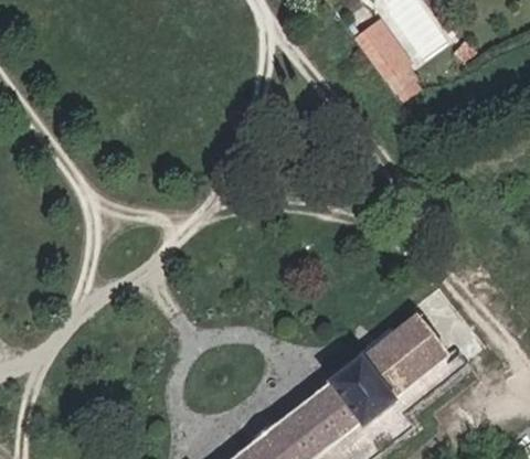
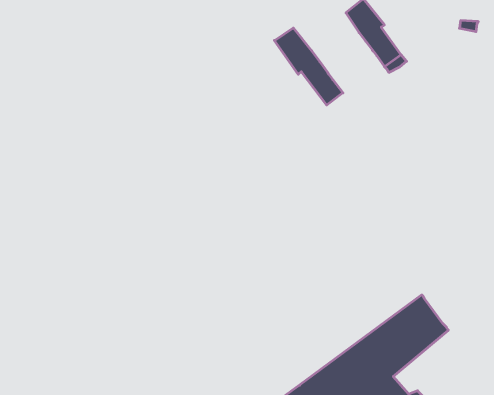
building: none -> [274,28,343,105]

